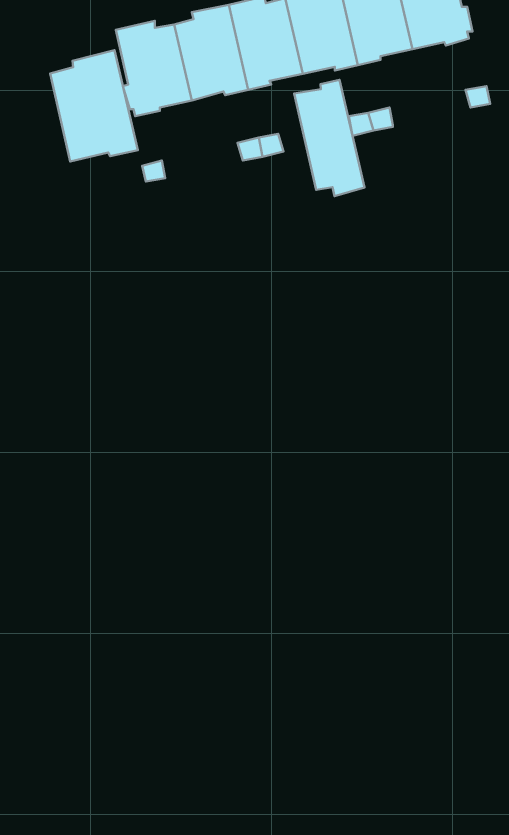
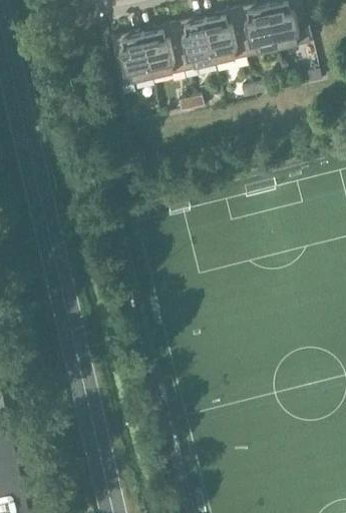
building: [50,50,138,162] -> none
building: [294,80,364,196] -> none

